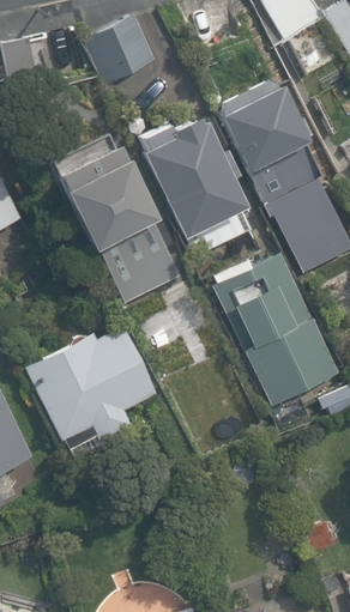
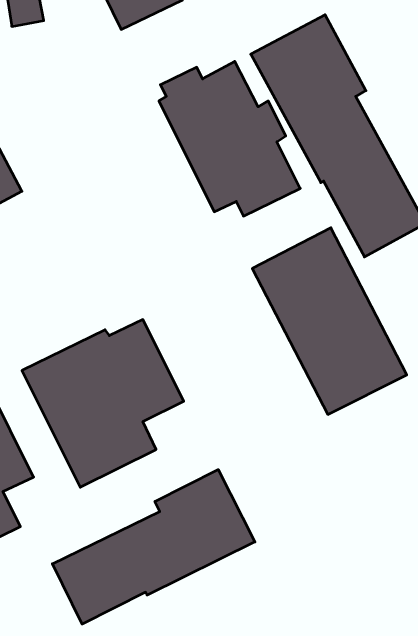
building: [61,150,181,305] -> none
building: none -> [52,470,255,624]

